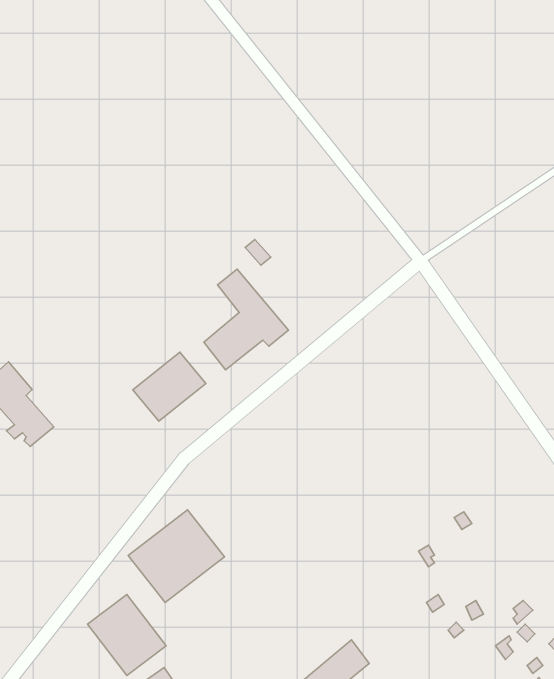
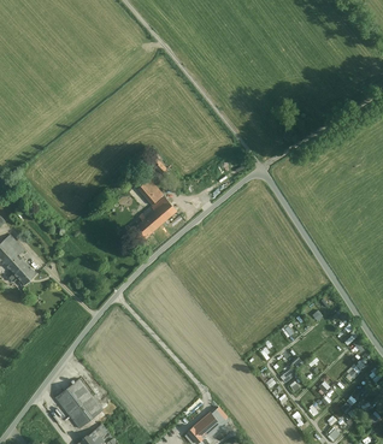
building: [133,352,206,421] -> none
building: [128,510,224,602] -> none

